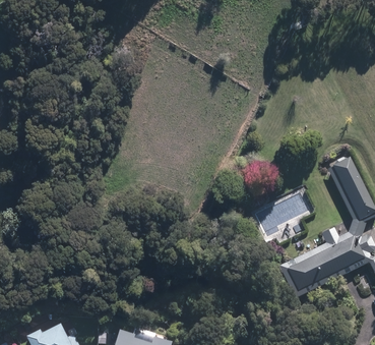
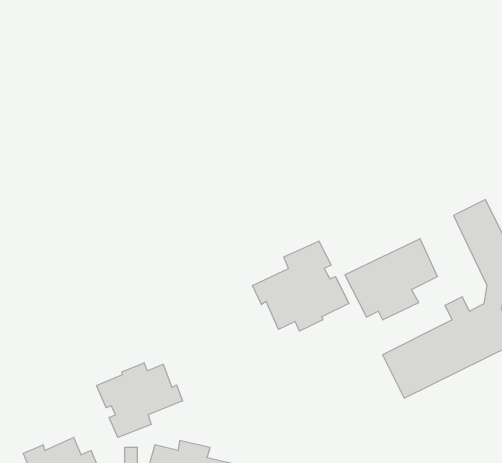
building: none -> [252,241,349,331]
building: none -> [97,363,183,437]

